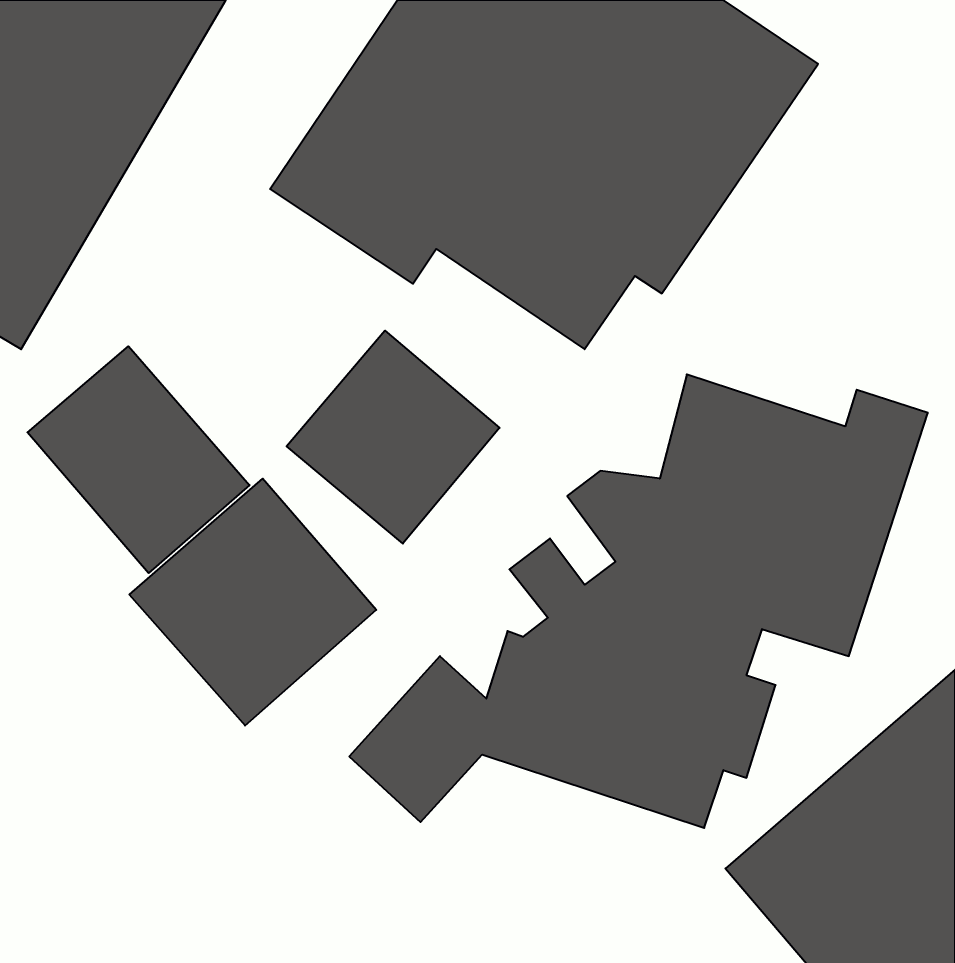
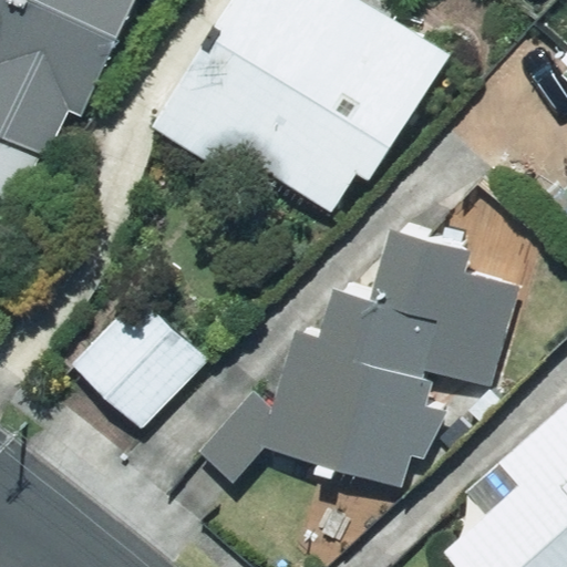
building: [287,331,500,544] -> none
building: [27,346,250,573] -> none

